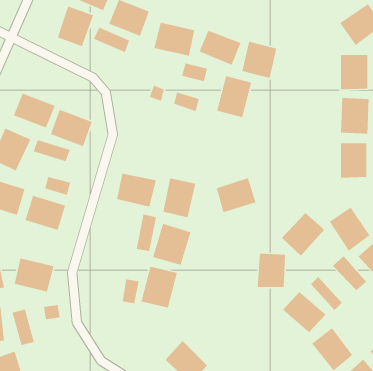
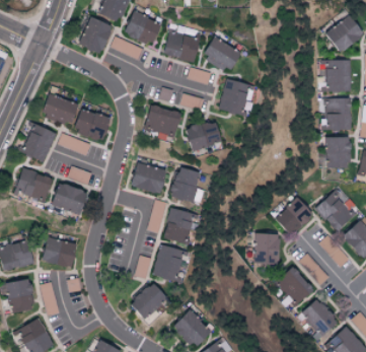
building: [241,41,277,79] -> none
building: none -> [144,104,180,136]
building: [216,177,257,213] -> [186,120,221,151]
building: none -> [130,282,166,321]

